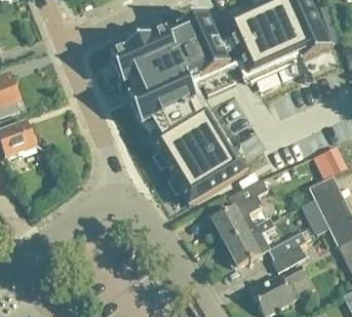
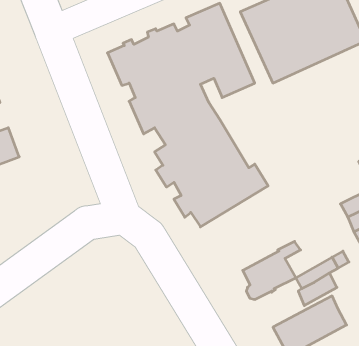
building: [210,179,266,242] -> none

